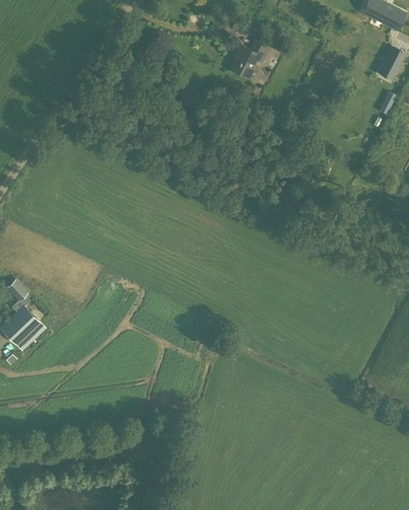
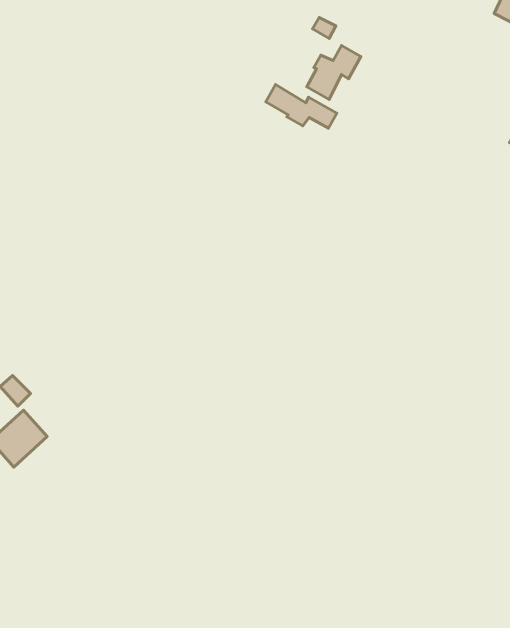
building: none -> [266,85,337,128]

